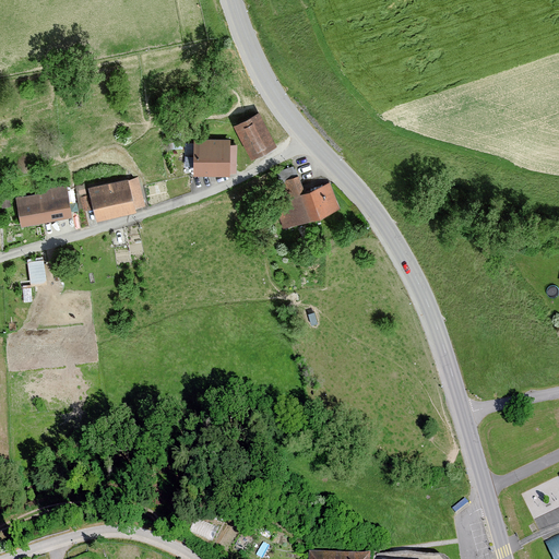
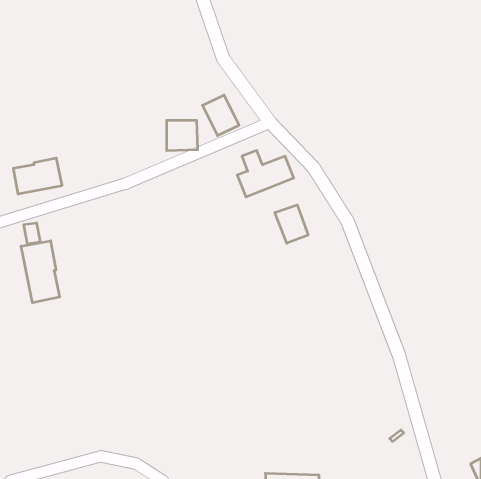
building: [88,179,136,222] -> none
building: none -> [275,205,308,243]
building: none -> [21,241,60,303]

